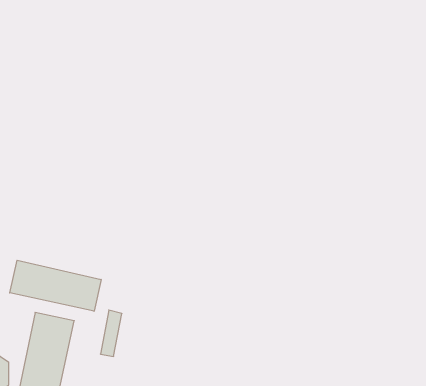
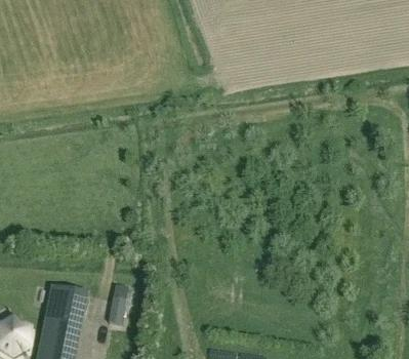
building: [10,260,101,311] -> none

